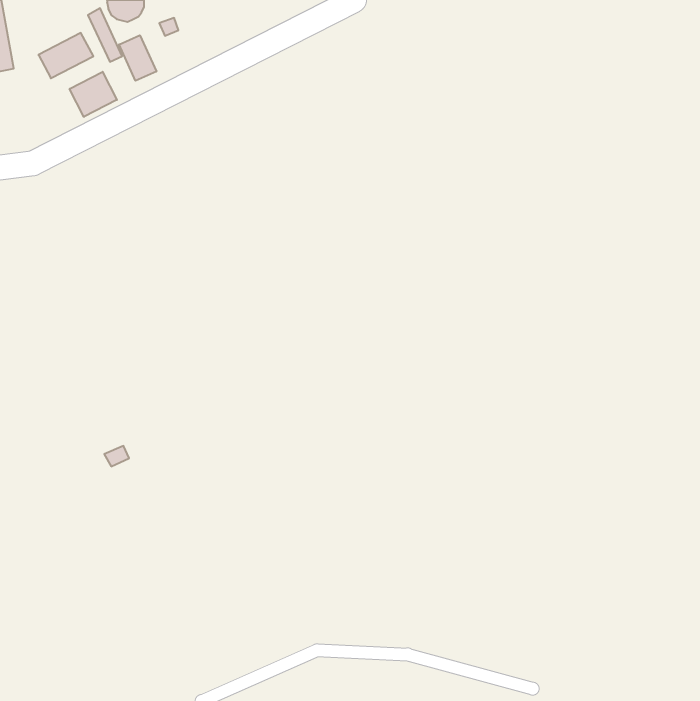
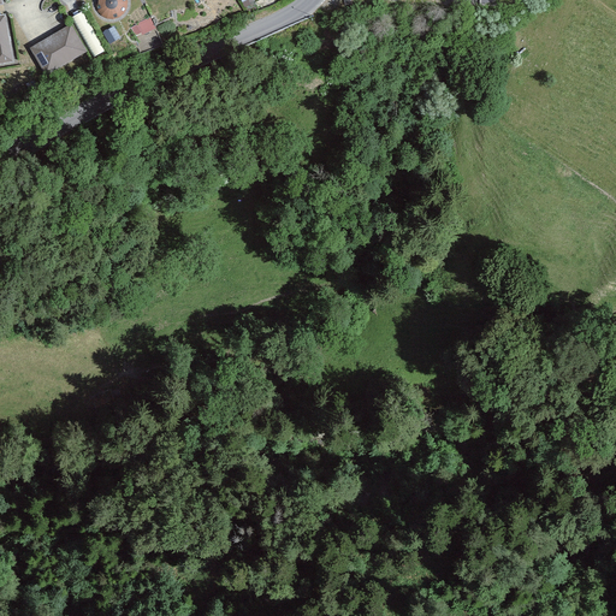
building: [119,35,156,81] -> none
building: [70,72,117,117] -> none

